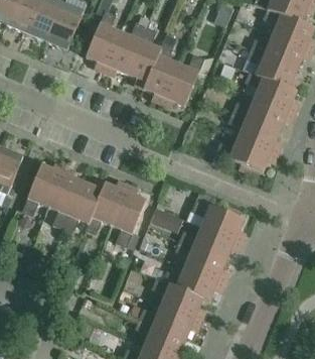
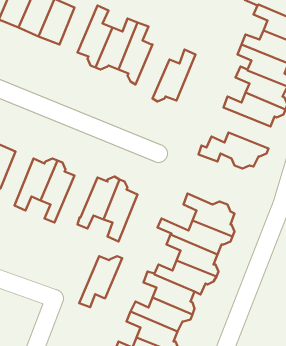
building: [143,41,177,103] -> none
building: [227,112,279,153] -> none
building: [61,181,105,232] -> [79,256,122,307]

